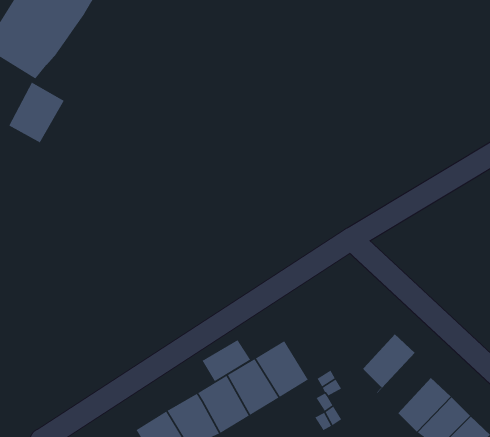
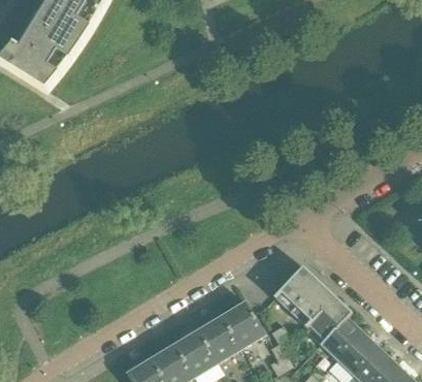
building: [8,81,65,144] -> none
building: none -> [271,262,333,324]
building: [202,339,251,382] -> none
building: none -> [319,309,362,357]

